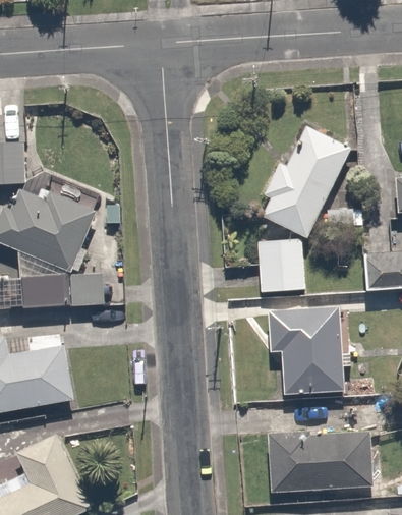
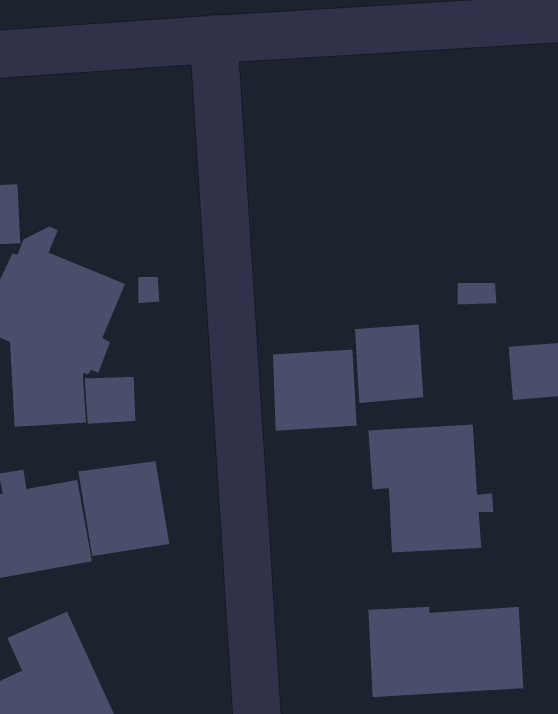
building: [259,125,348,238] -> none
building: none -> [273,349,357,431]
building: none -> [78,460,170,557]

